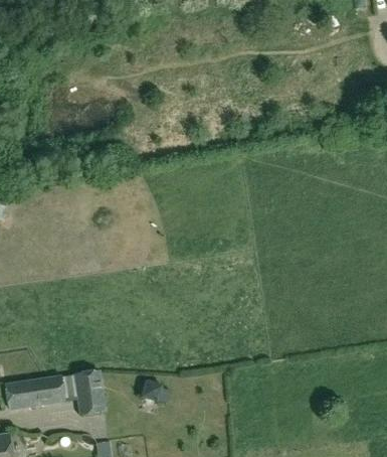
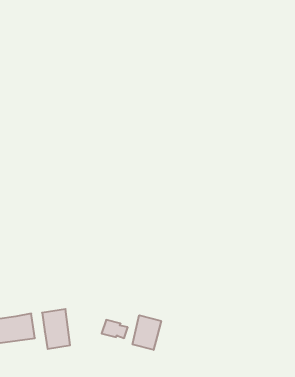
building: none -> [133,315,161,350]

